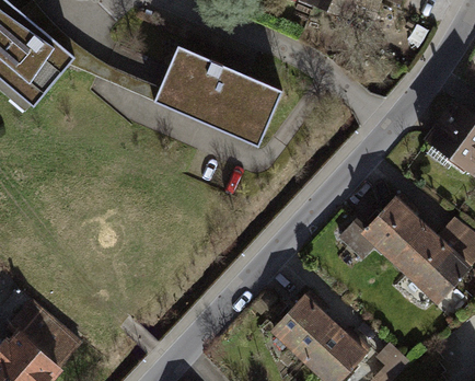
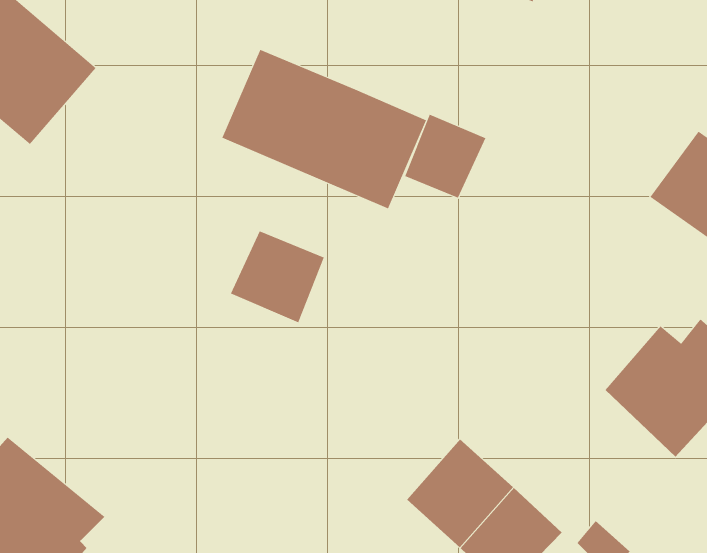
building: none -> [405,114,486,198]
building: none -> [230,231,325,323]
building: [338,193,429,263] -> none

